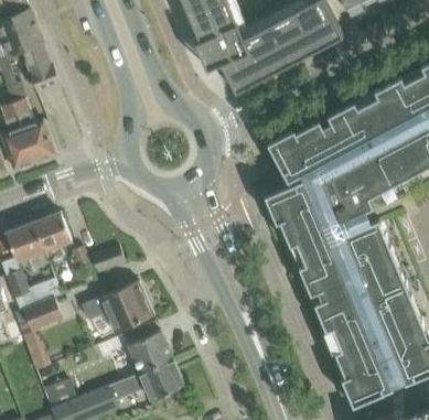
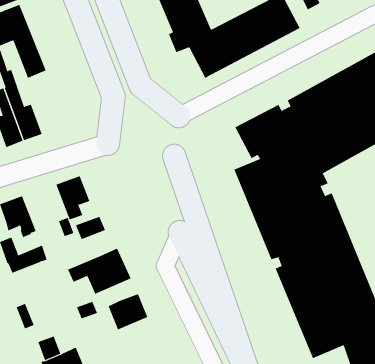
building: [32,213,71,262] -> [55,175,90,220]
building: [13,297,61,335] -> none
building: [108,358,184,401] -> none

